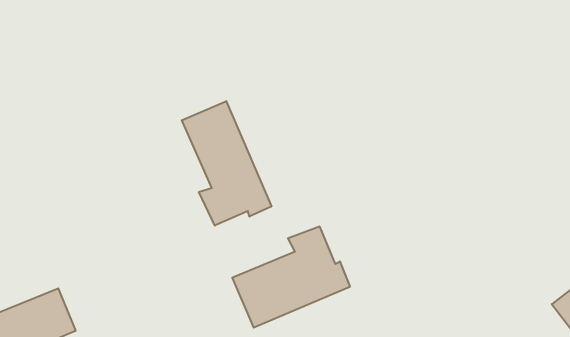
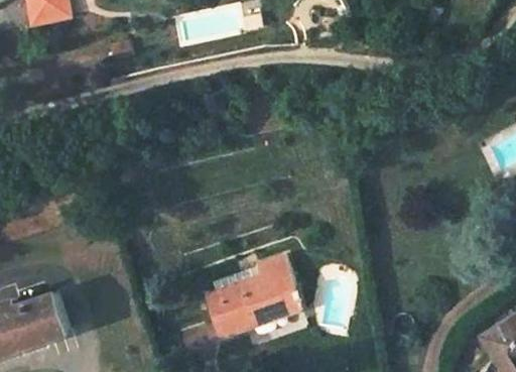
building: [182,101,271,226] -> none

